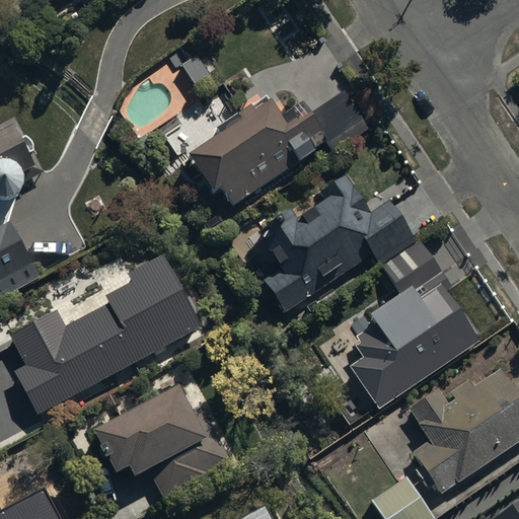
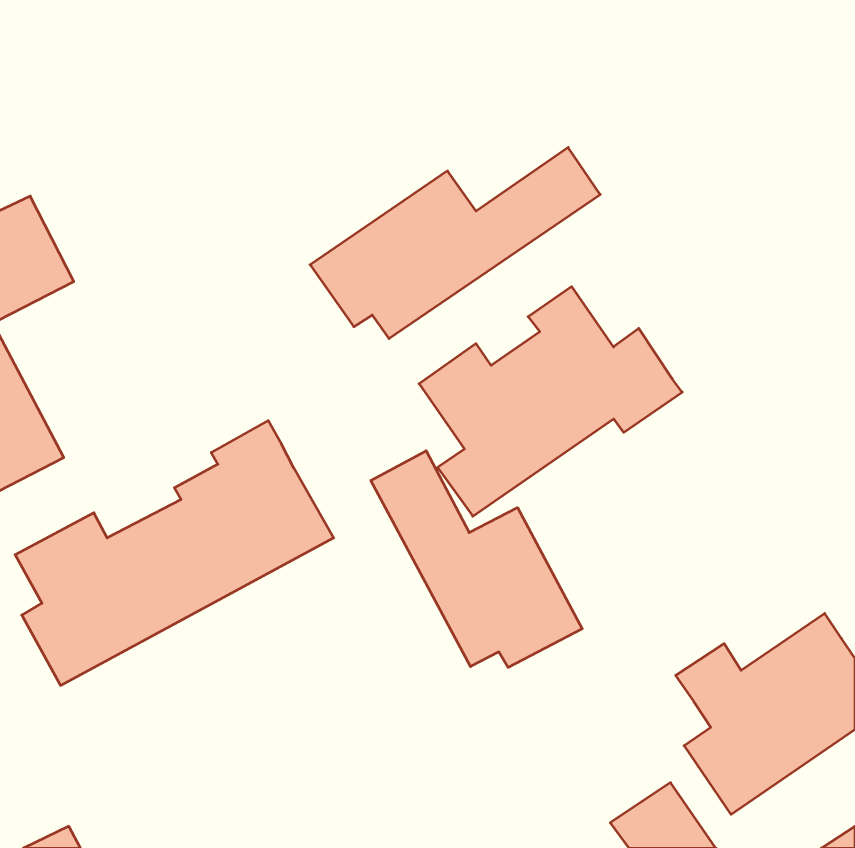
building: [350,240,477,409] -> none
building: none -> [371,451,582,667]
building: [93,388,232,500] -> none

